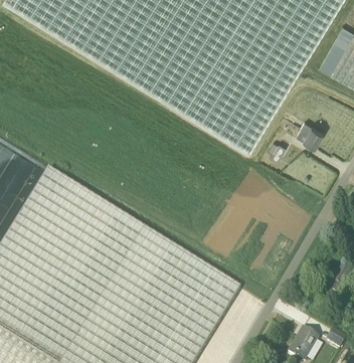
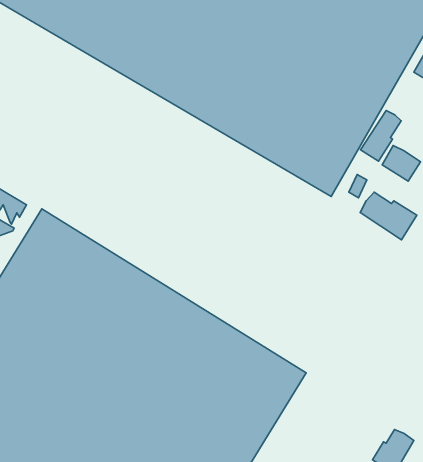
building: none -> [360,110,401,161]
building: none -> [360,192,417,240]

